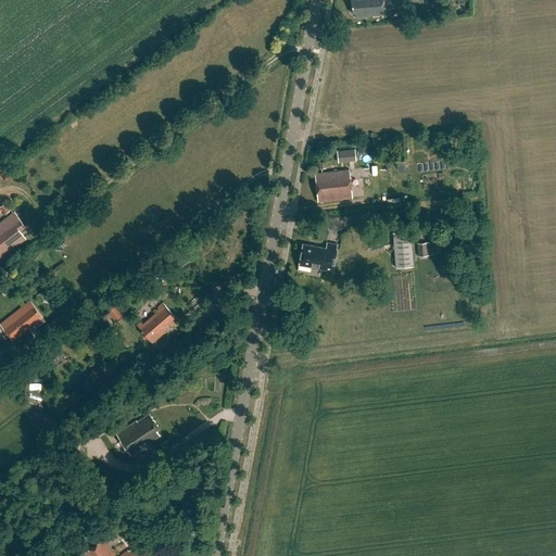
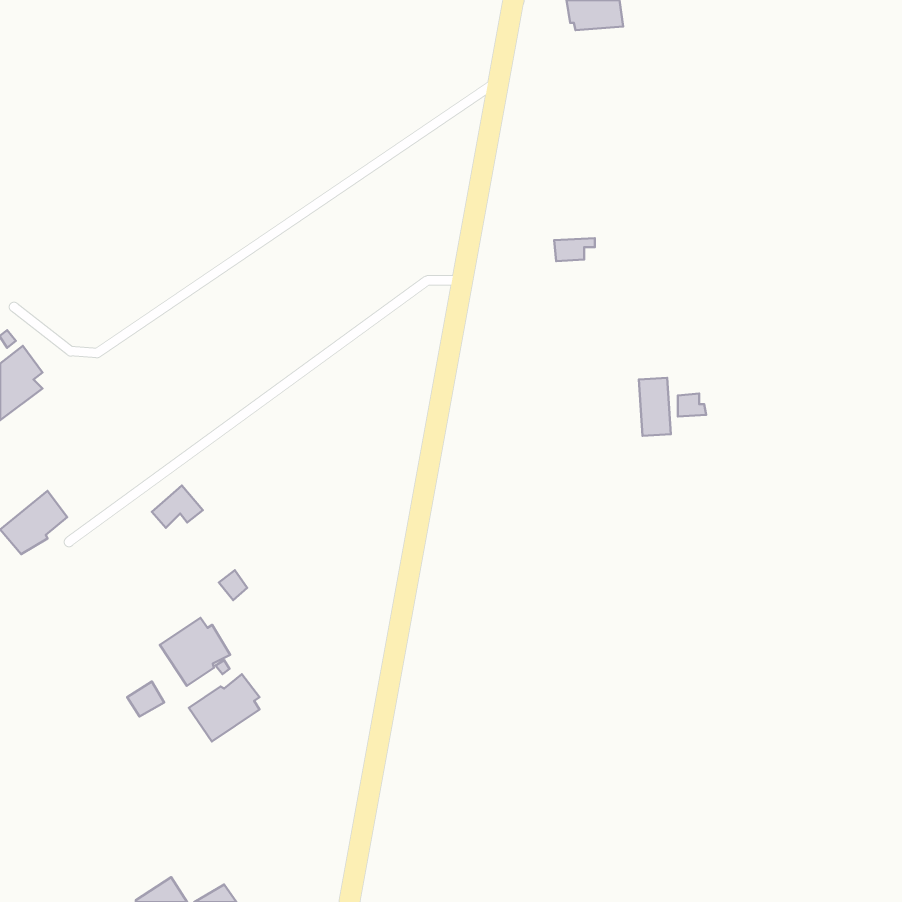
building: [315,170,352,202] -> none
building: [299,244,338,273] -> none
building: [137,305,175,344] -> none
building: none -> [160,618,230,686]

